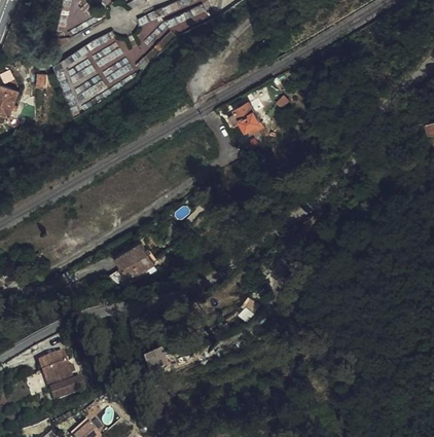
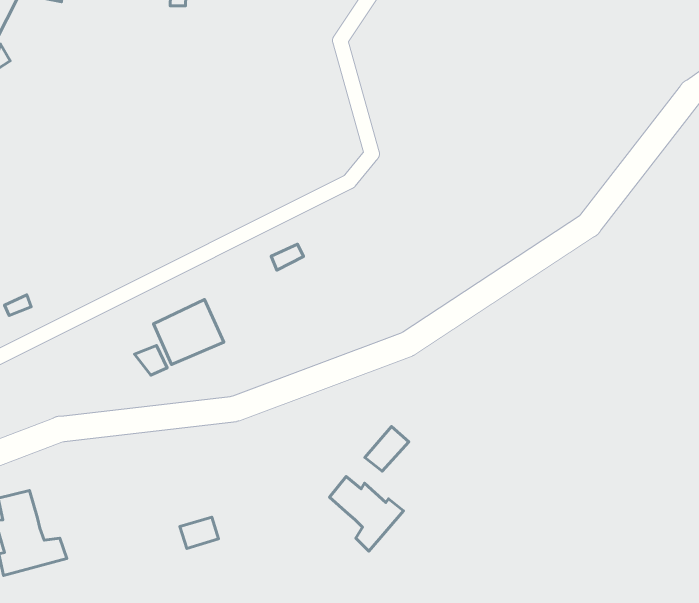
building: [227,100,263,135] -> none
building: none -> [329,477,404,551]

